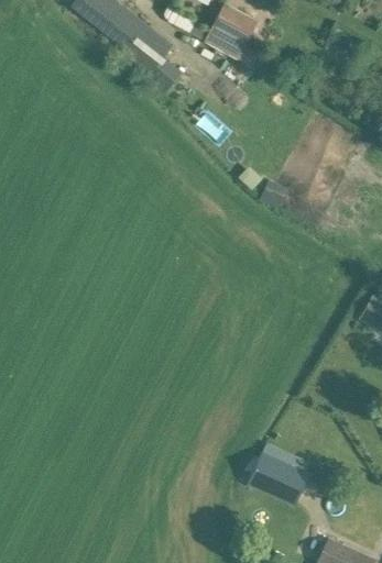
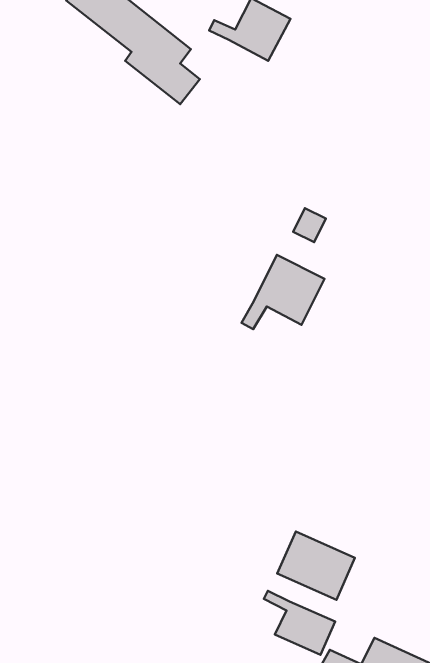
building: none -> [242,255,325,329]
building: none -> [264,591,335,655]

